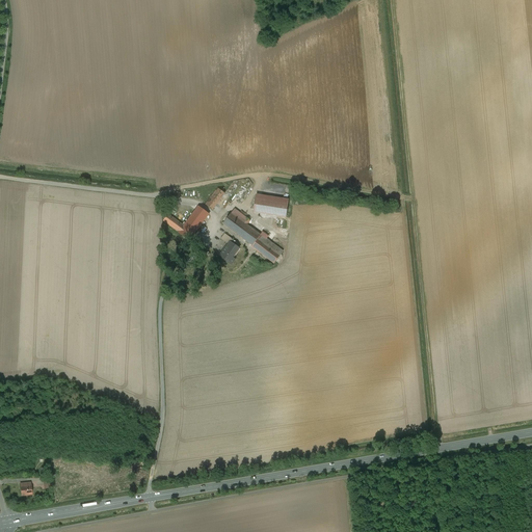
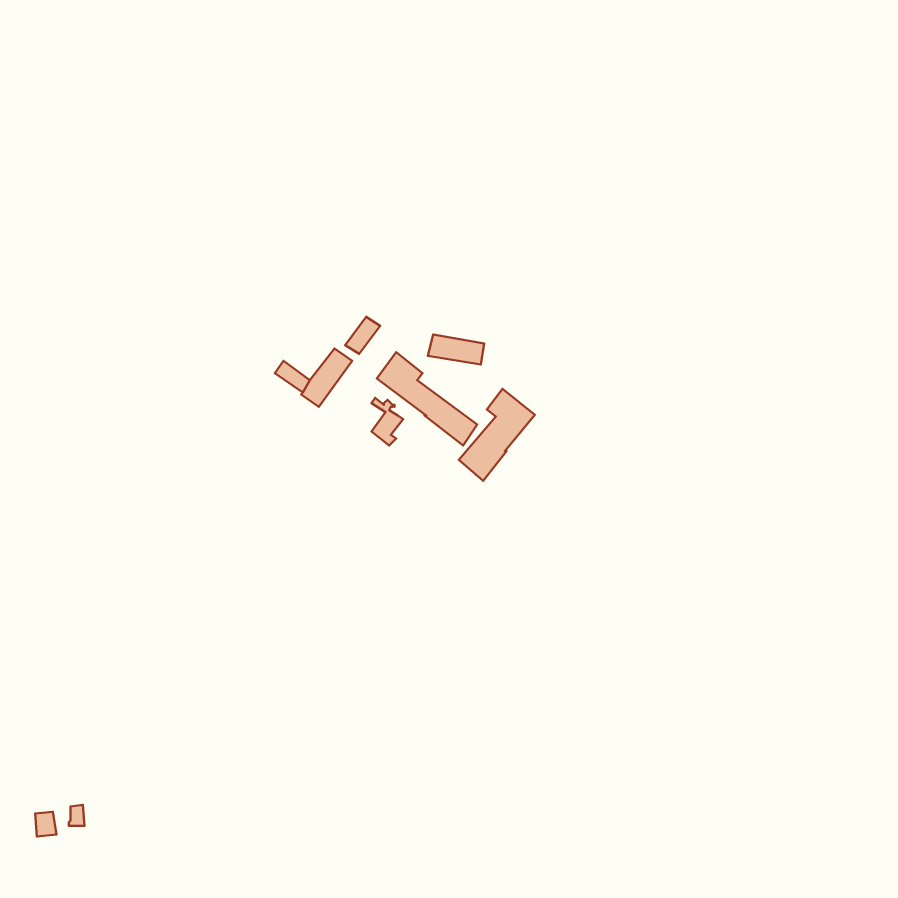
building: none -> [459,389,535,481]

